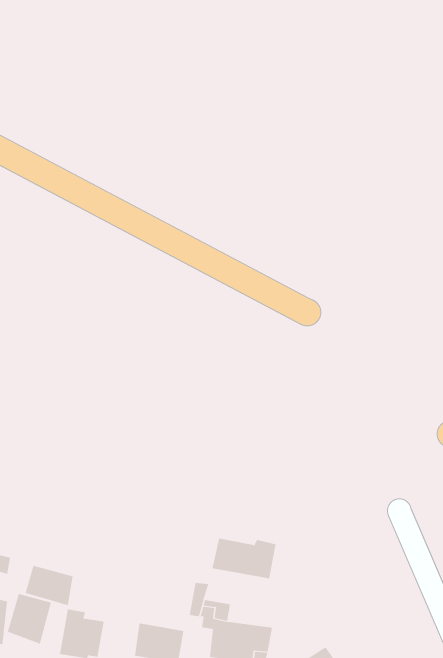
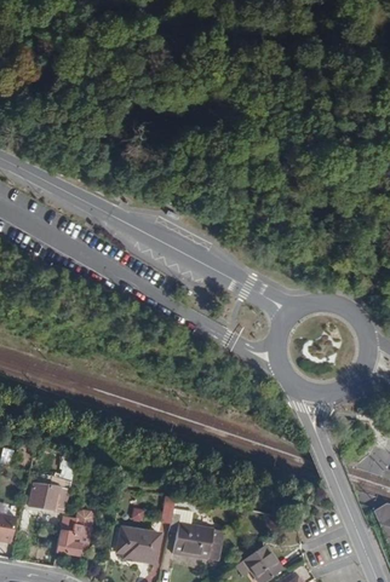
building: [212,538,276,579] -> none
building: [7,593,51,645] -> none

